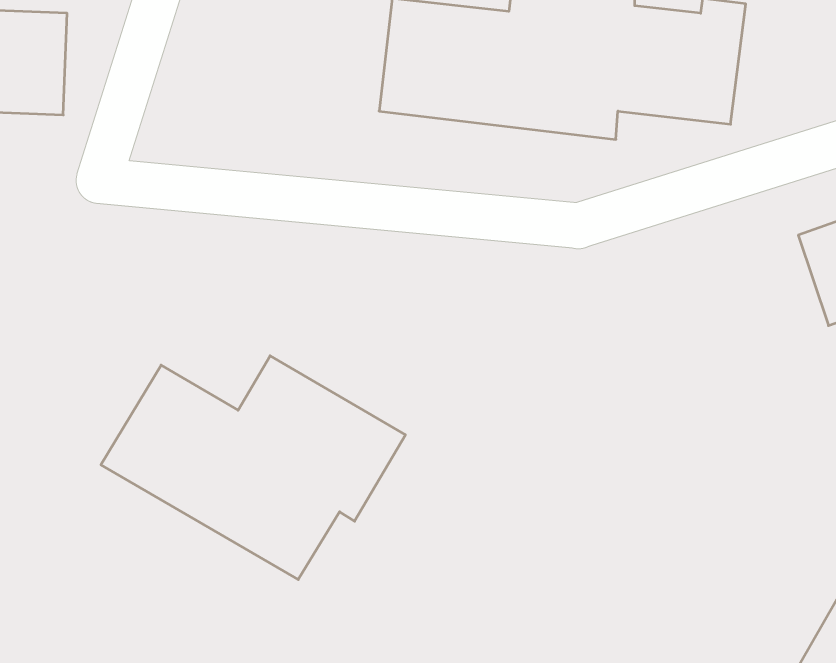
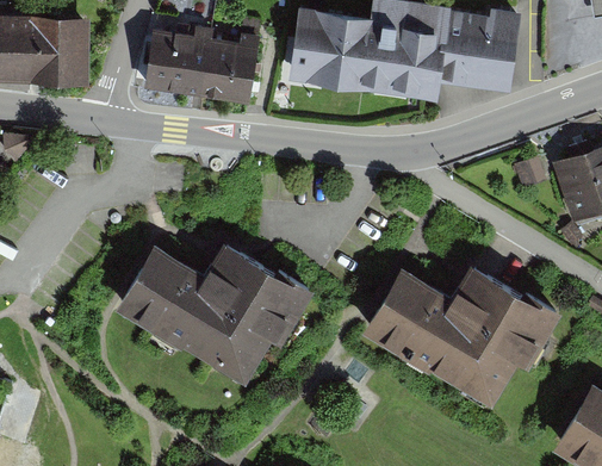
building: none -> [145,26,259,104]
building: none -> [356,262,550,404]

